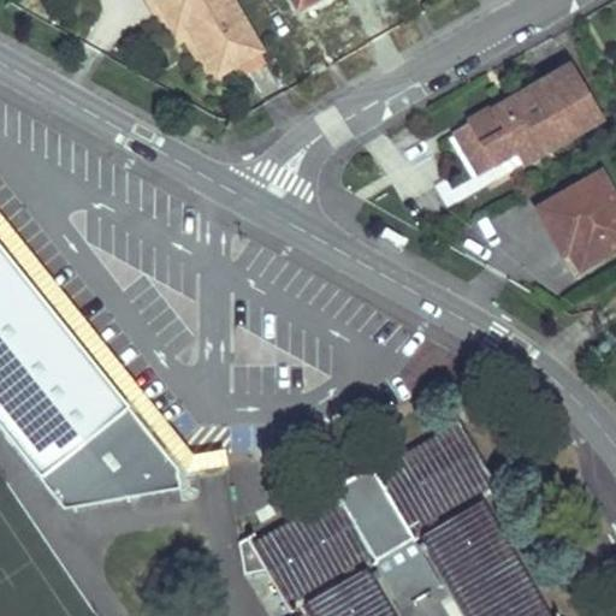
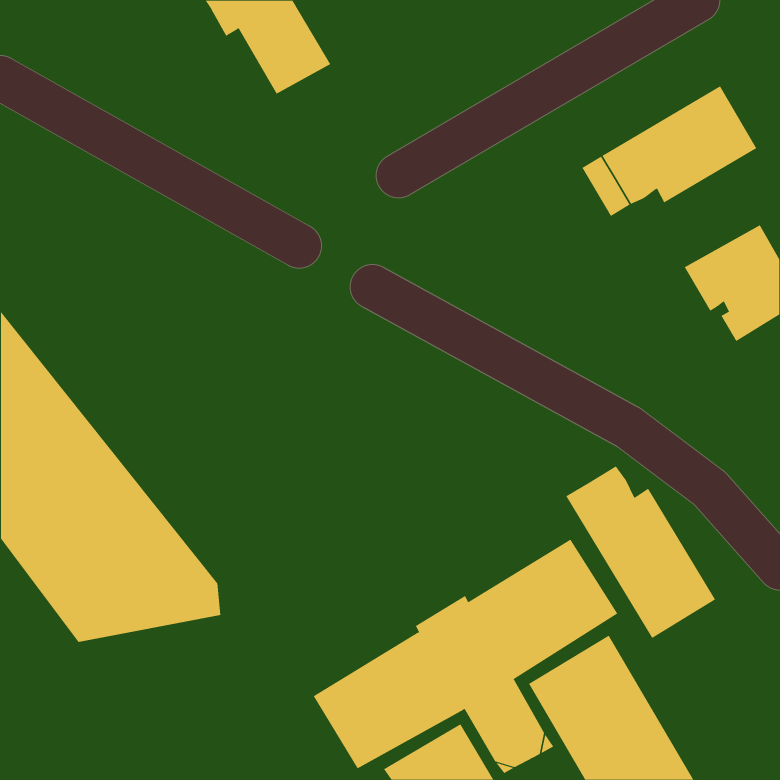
building: none -> [566,466,716,639]

